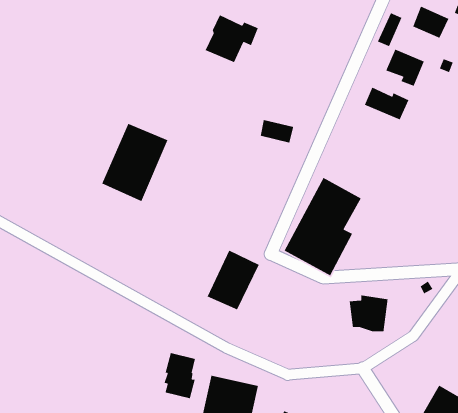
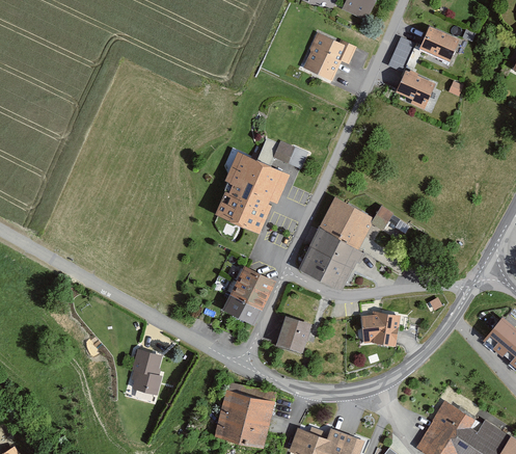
building: [204,14,259,63] -> [302,33,355,81]
building: [364,87,409,121] -> none
building: [101,123,169,202] -> [216,157,281,234]
building: none -> [275,317,310,354]
building: [164,352,196,399] -> [131,346,162,392]

